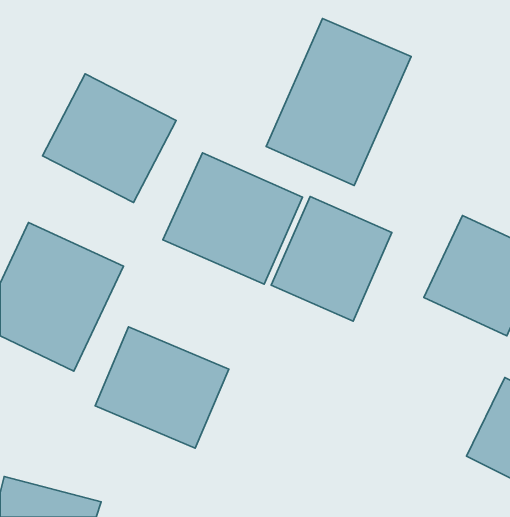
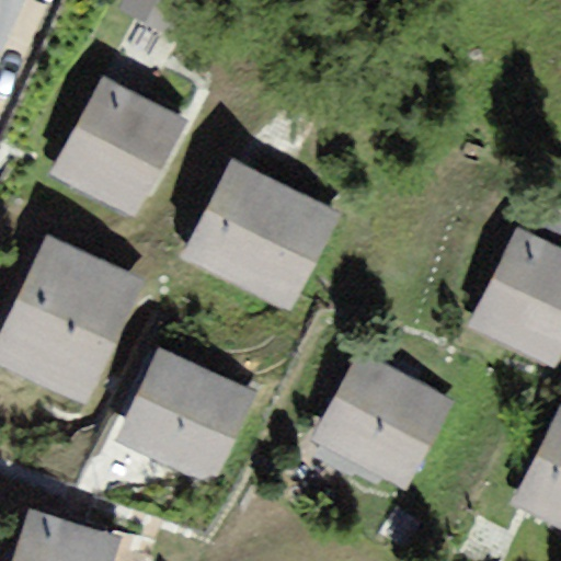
building: [266,19,411,185] -> none
building: [271,196,392,321] -> none
building: none -> [309,350,458,486]

